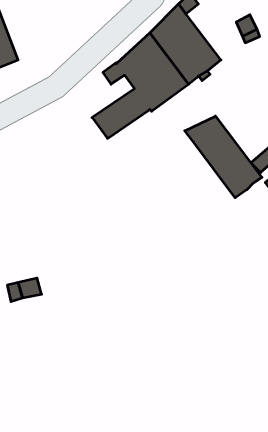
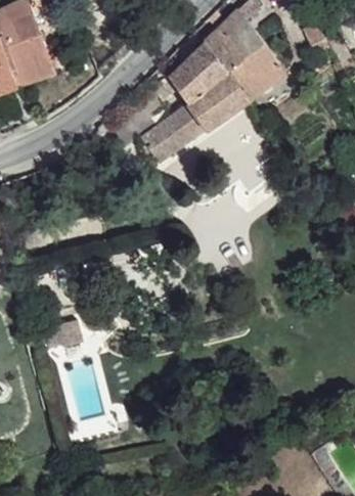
building: [185,116,262,198] -> none

